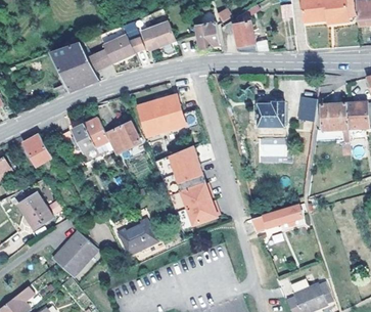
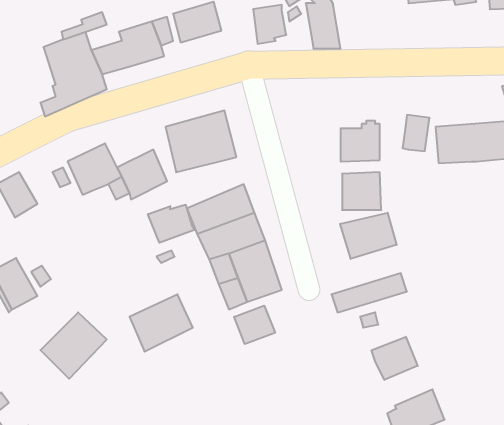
building: none -> [148,205,195,243]
building: none -> [340,213,397,259]
building: none -> [234,306,275,344]
building: none -> [372,337,418,380]

